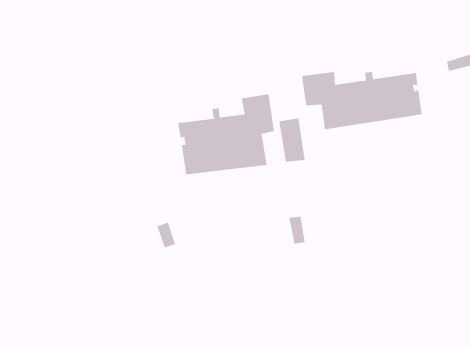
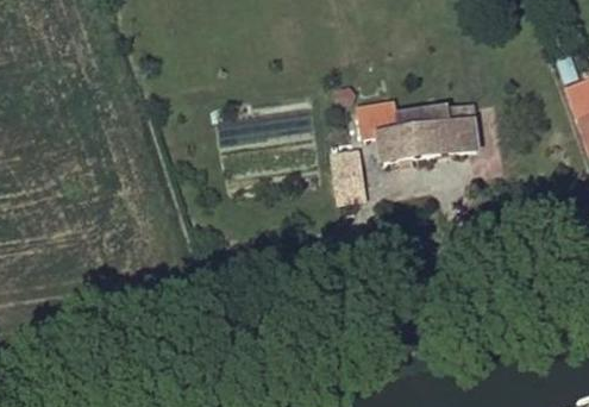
building: [178,93,274,175] -> none

